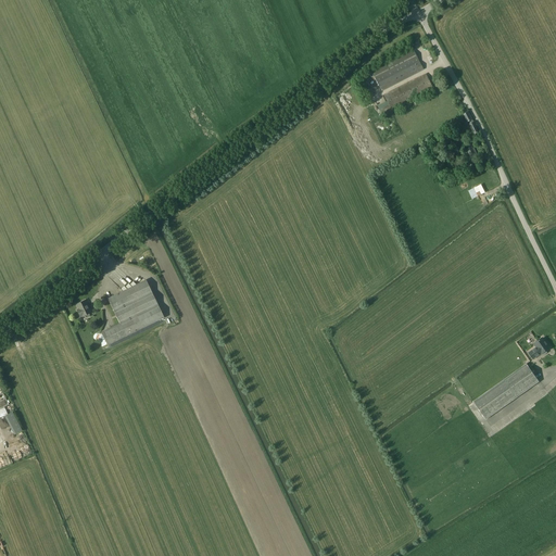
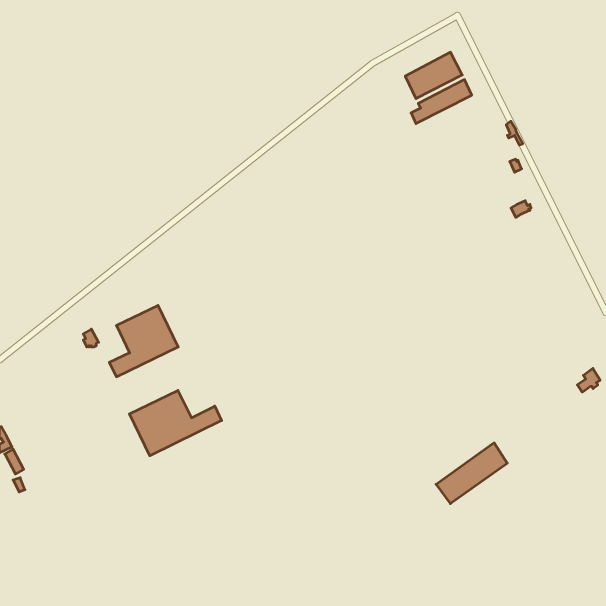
building: none -> [129,390,222,456]
building: [472,363,538,418] -> [436,443,507,504]

